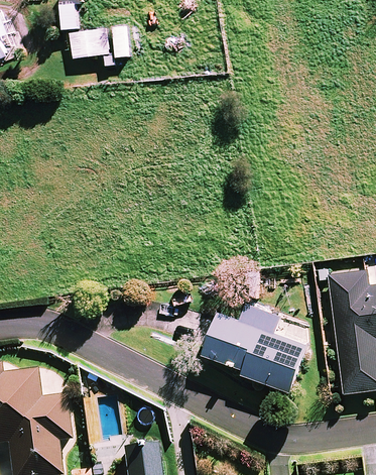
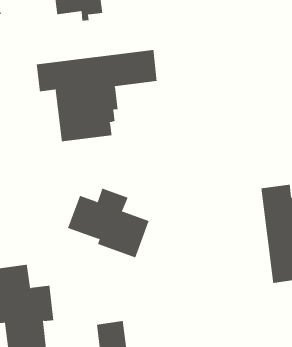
building: none -> [36,49,157,142]
building: [204,304,306,391] -> [67,188,150,258]

